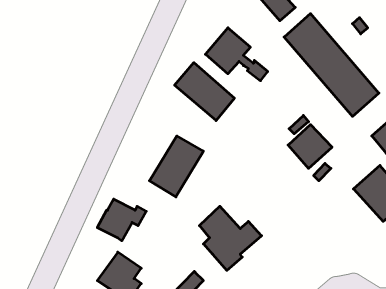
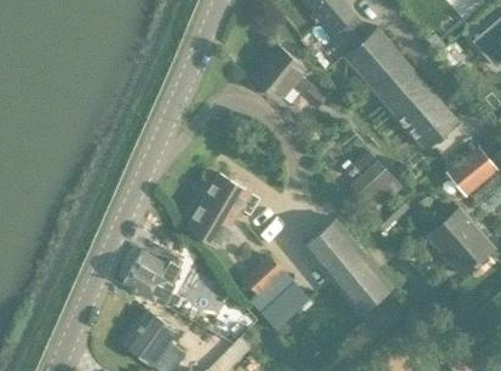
building: [175,63,234,121] -> none
building: none -> [301,219,391,314]

